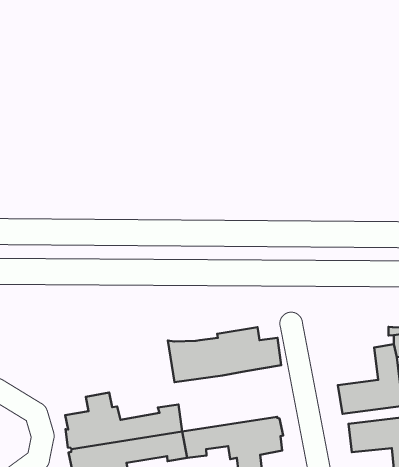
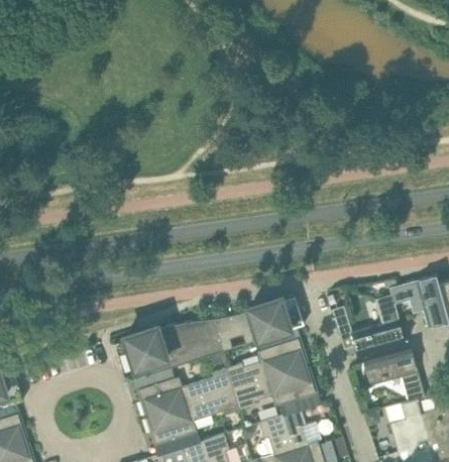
building: none -> [112,319,220,382]
building: none -> [226,334,307,389]

